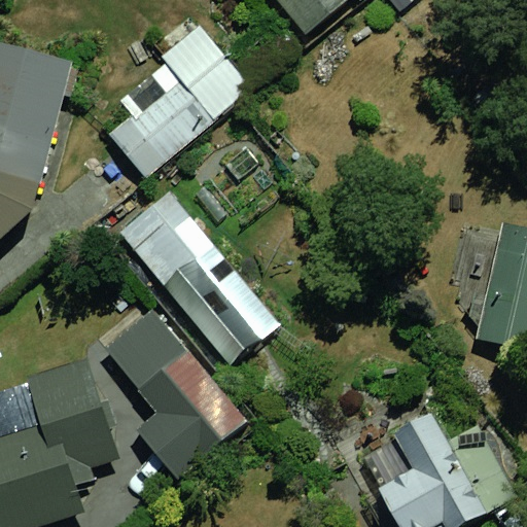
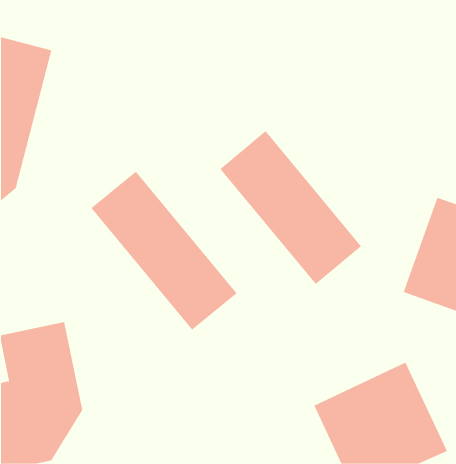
building: [101,21,253,178] -> none
building: none -> [220,130,362,285]
building: [92,305,244,463] -> none

